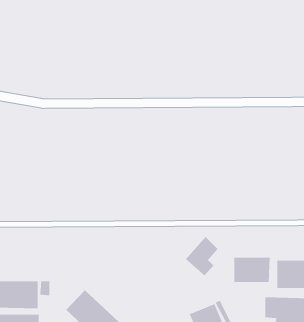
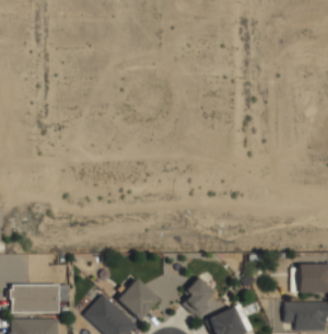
building: [185,236,219,276] -> [179,278,213,319]
building: [234,257,270,283] -> none
building: none -> [117,278,160,321]

